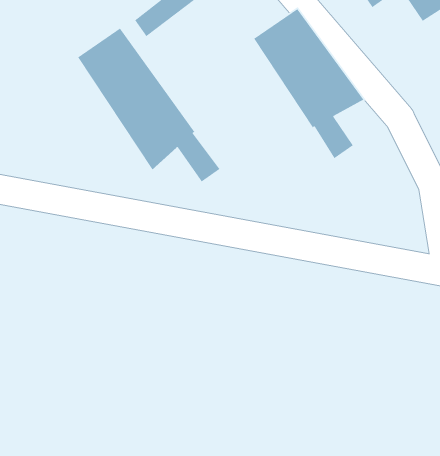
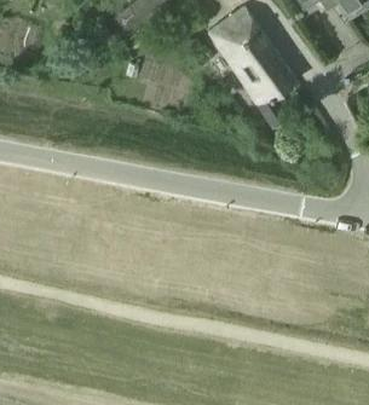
building: [77,27,221,182] -> none

